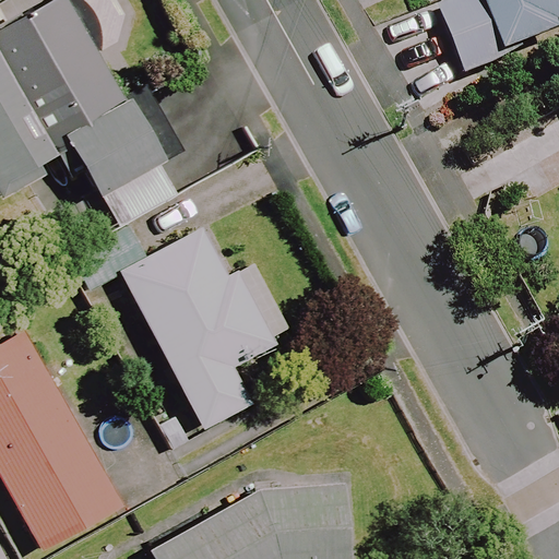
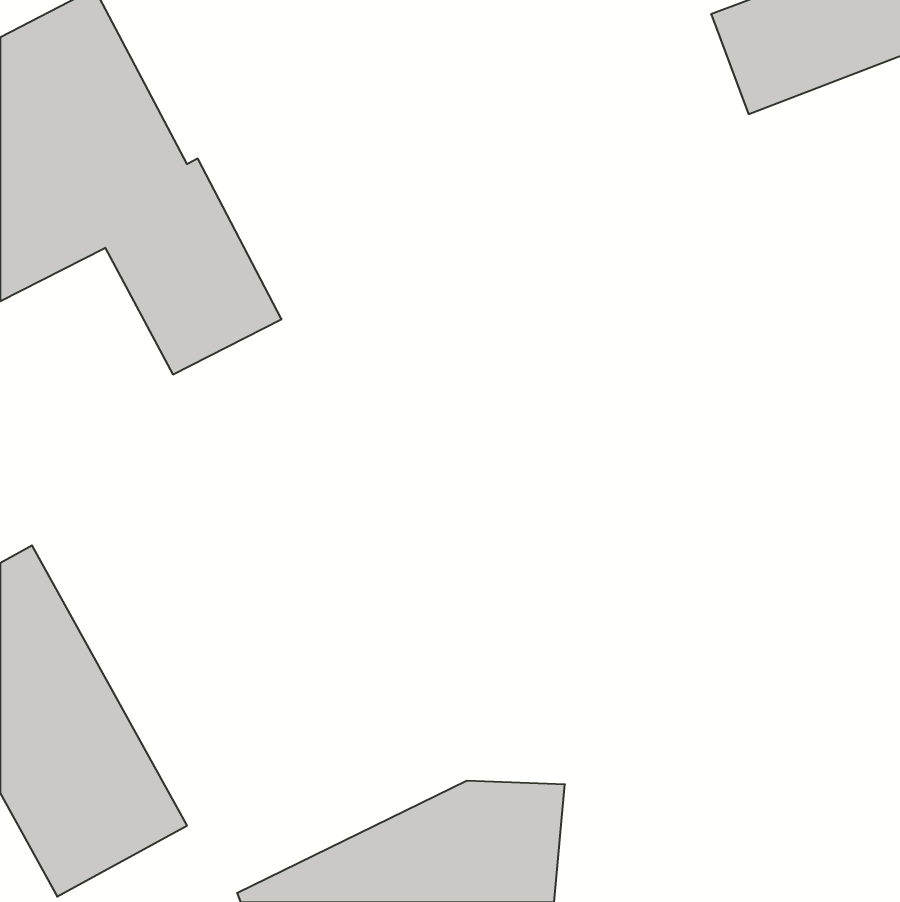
building: [120,228,274,428] -> none

